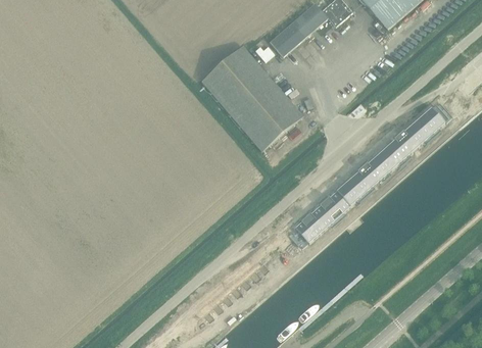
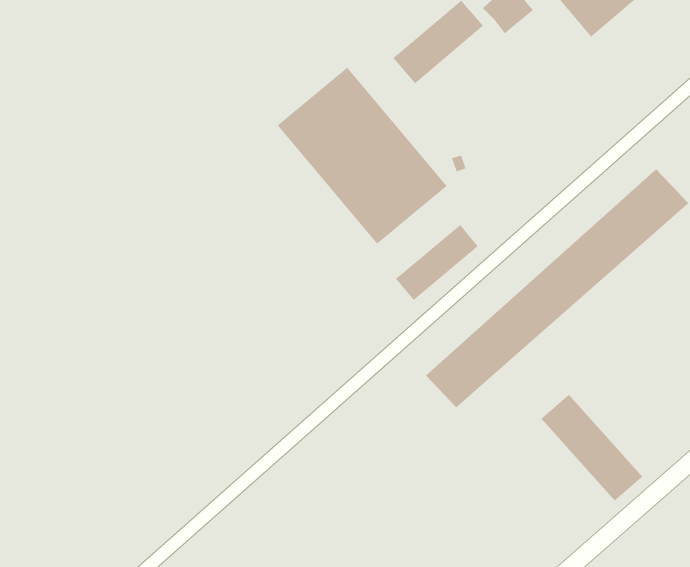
building: none -> [395,224,479,301]
building: none -> [541,394,643,501]

